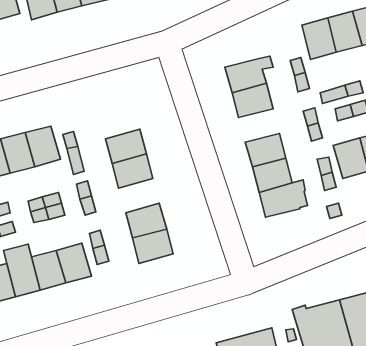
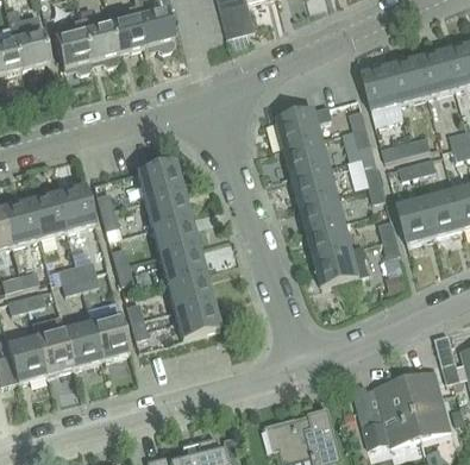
building: none -> [136,161,182,200]
building: none -> [292,166,337,203]
building: none -> [158,244,203,282]

